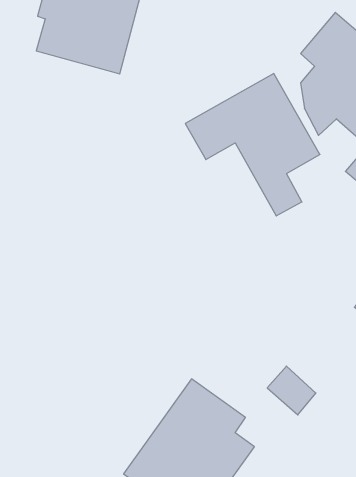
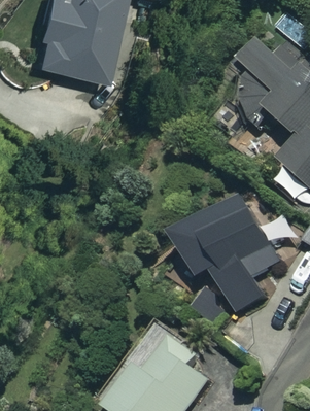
building: [185,74,320,216] -> [171,195,279,309]

